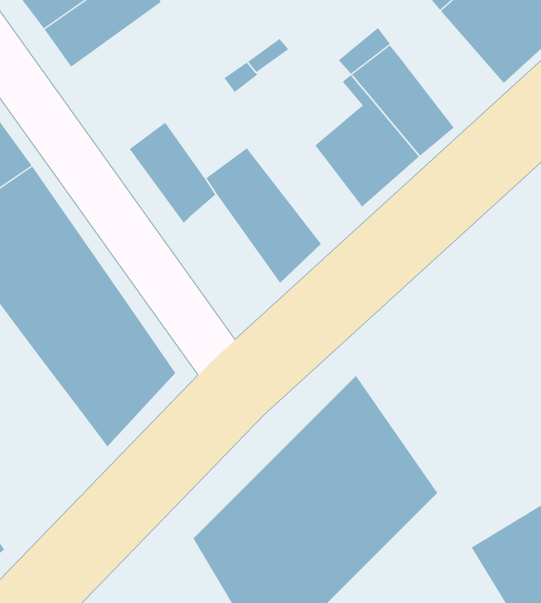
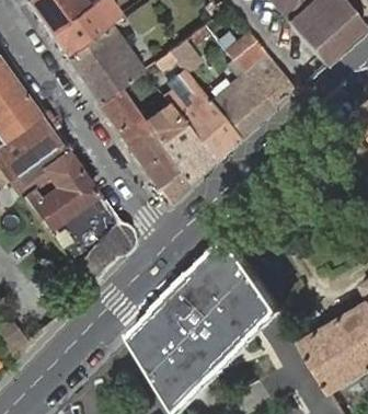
building: none -> [66,25,141,103]
building: none -> [163,70,238,160]
building: none -> [130,130,188,203]

